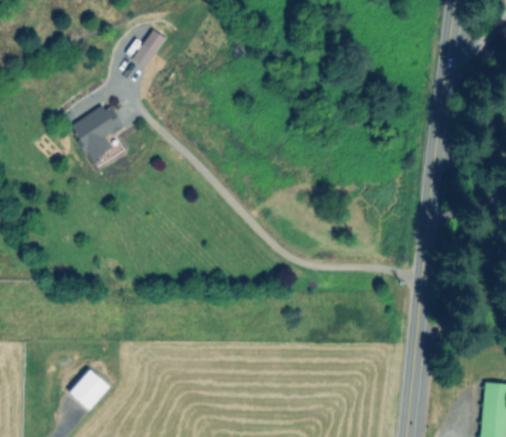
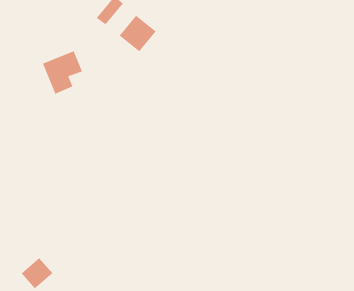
building: none -> [119,15,156,52]

